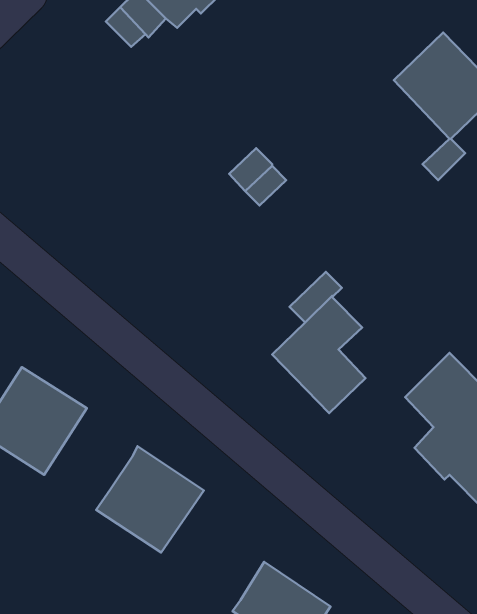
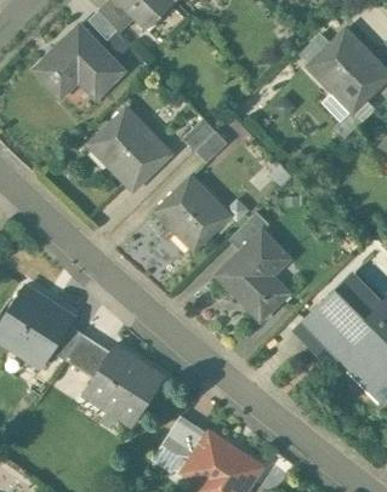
building: none -> [35,25,124,97]
building: none -> [90,109,170,189]
building: none -> [155,177,229,250]
building: none -> [295,308,340,354]
building: none -> [66,336,109,378]
building: none -> [163,416,210,463]

